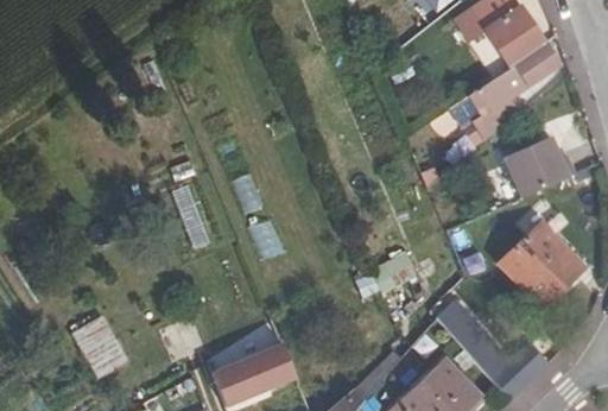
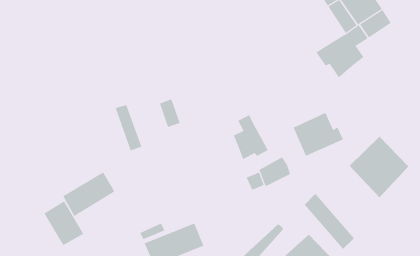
building: [502,134,574,196] -> [293,112,344,156]
building: none -> [233,115,269,160]
building: none -> [63,172,115,217]

